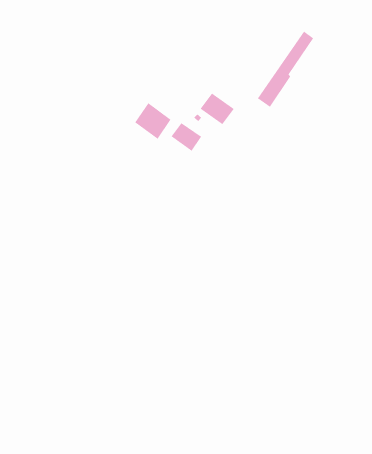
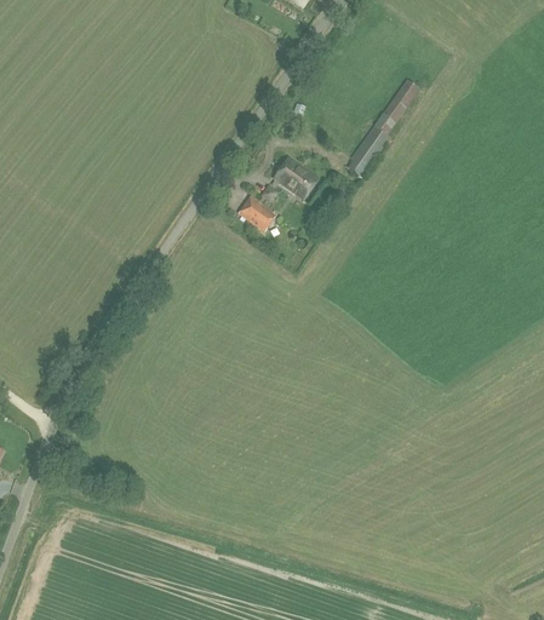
building: [134,102,172,140] -> none

